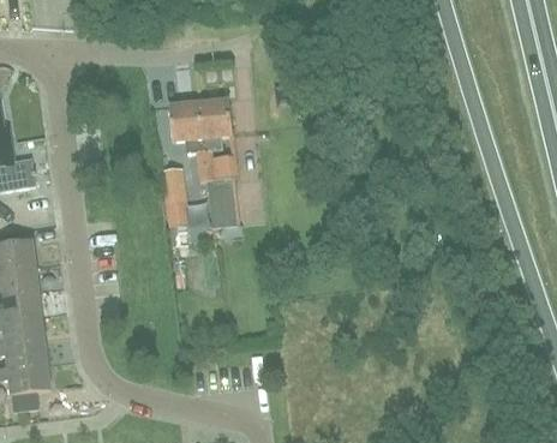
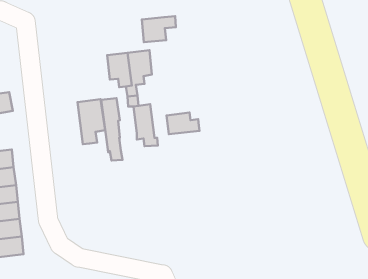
building: none -> [142,16,176,42]
building: none -> [77,99,105,144]
building: none -> [167,113,199,134]

